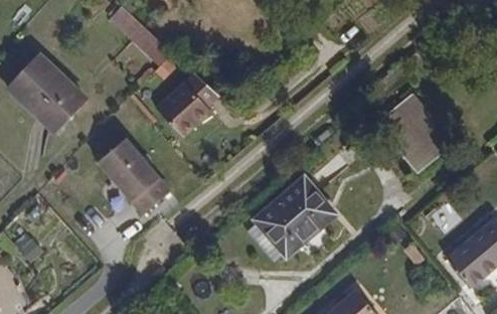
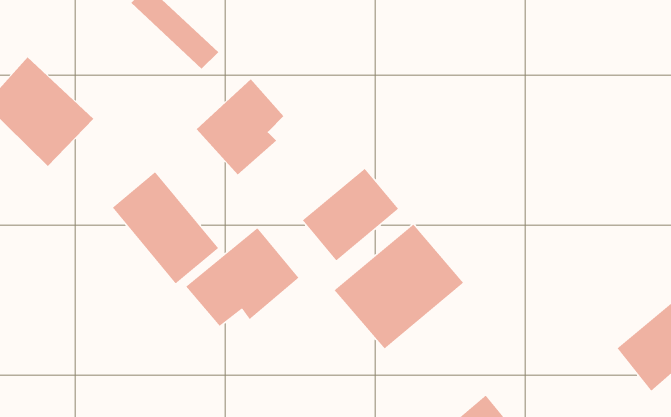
building: [376,91,456,172] -> none
building: none -> [302,168,399,261]
building: none -> [185,227,299,327]

